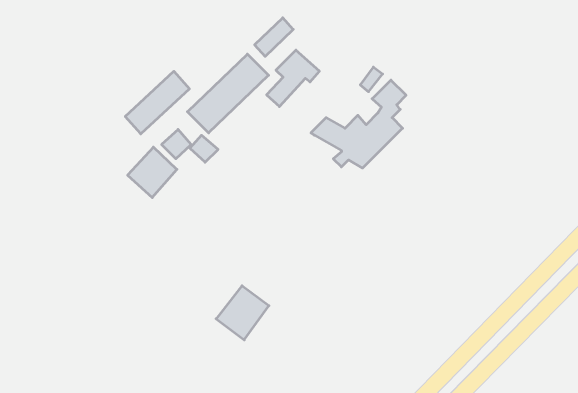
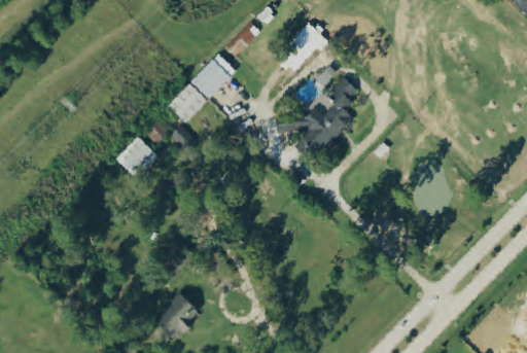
building: [267,50,319,107] -> [283,23,329,72]
building: [125,71,189,134] -> none
building: [216,286,269,340] -> [154,291,201,339]

